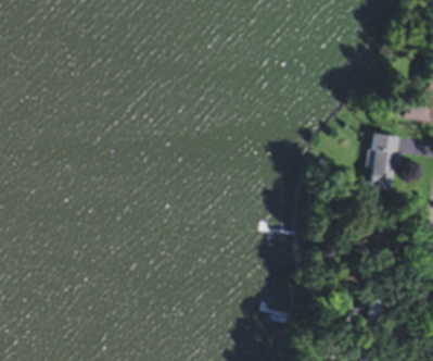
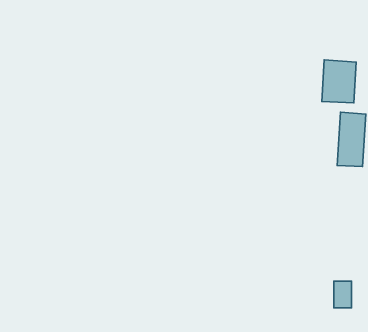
building: none -> [322,60,356,103]

